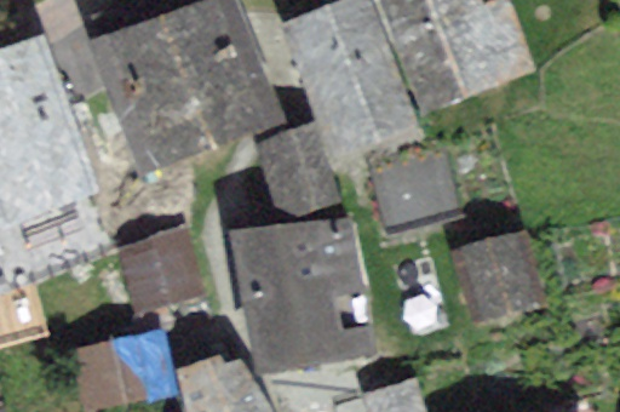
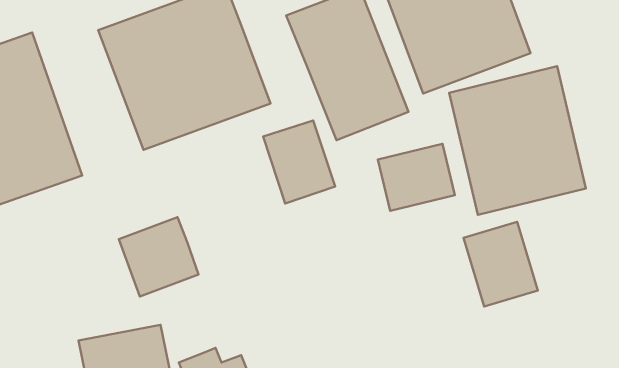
building: none -> [449,66,586,215]
building: [243,223,358,364] -> none

